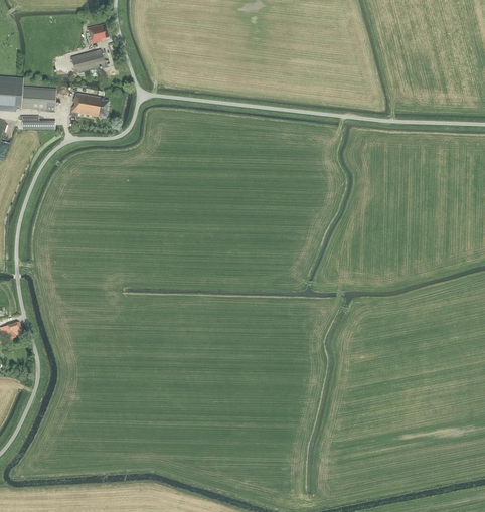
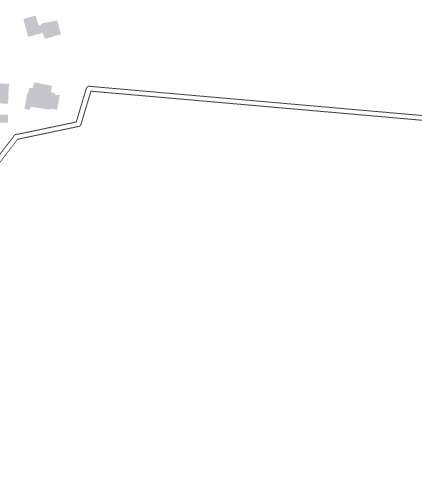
building: [71,48,105,71] -> none

